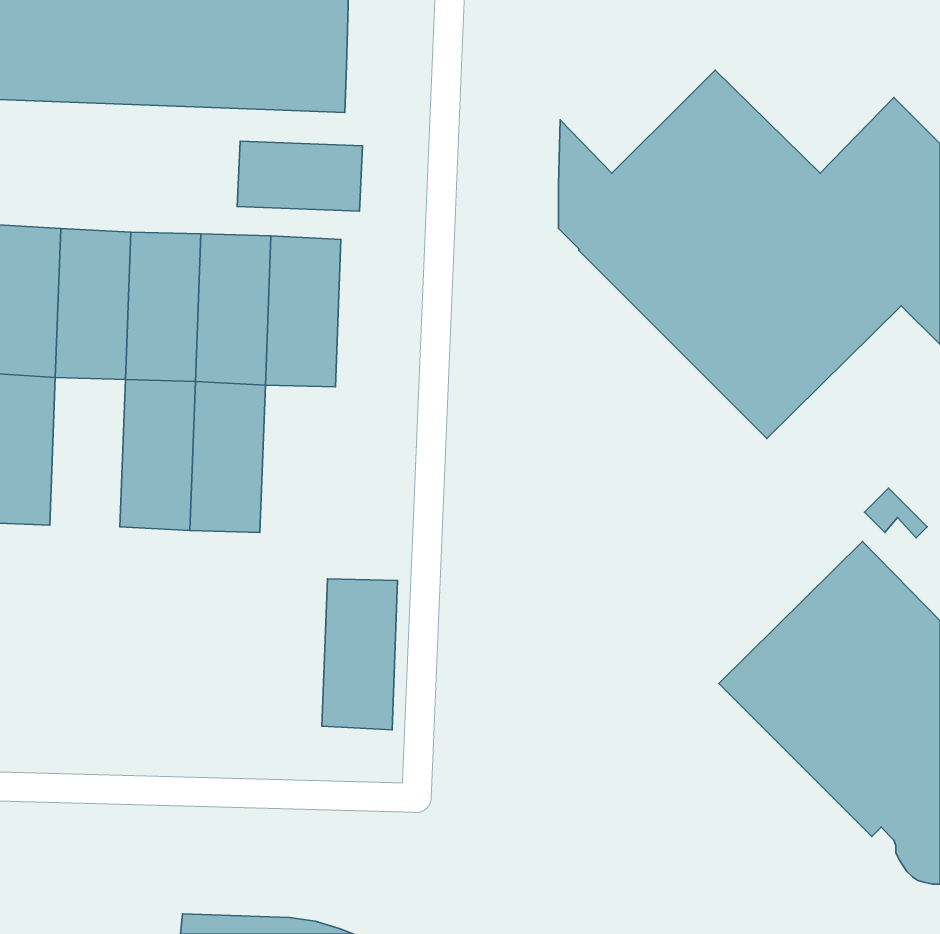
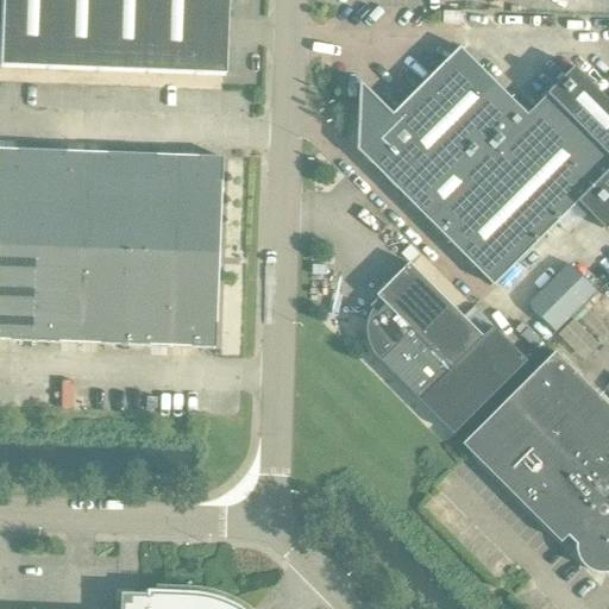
building: [237,141,363,211] -> none
building: none -> [32,244,81,340]
building: none -> [368,260,528,433]
building: none -> [528,262,596,329]
building: [322,579,398,730] -> [168,249,216,346]

